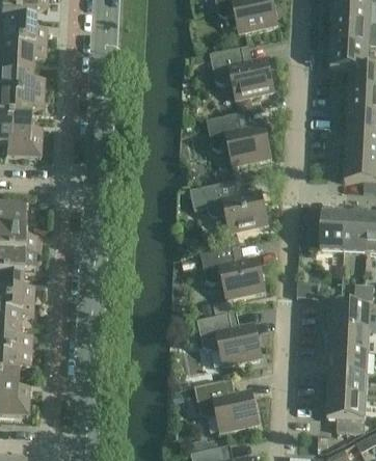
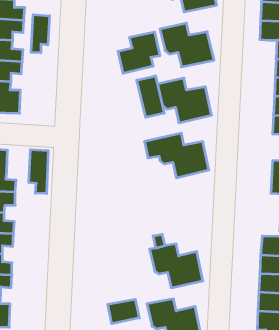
building: none -> [31,15,50,53]
building: none -> [118,32,160,73]
building: none -> [137,76,164,117]
building: none -> [29,150,48,194]
building: [307,212,345,252] -> none
building: [199,246,265,299] -> none
building: none -> [108,299,139,324]

